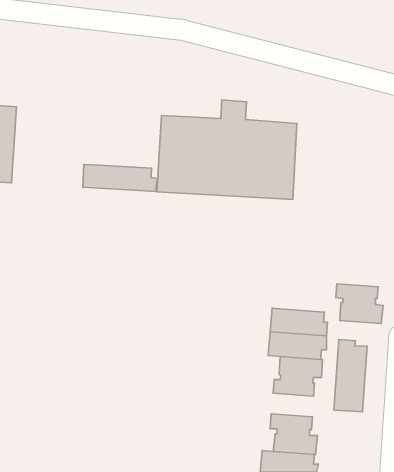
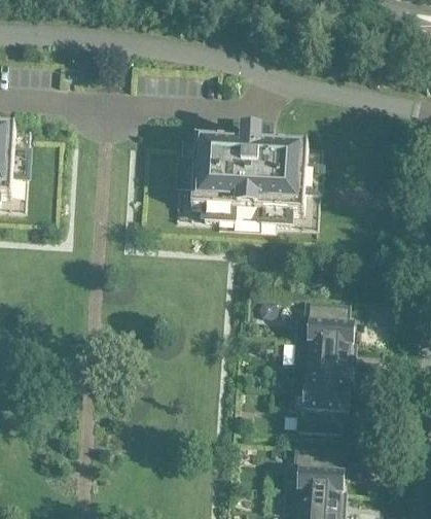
building: [83,164,158,191] -> none
building: [336,284,383,323] -> [303,300,353,341]
building: [334,340,367,412] -> none

